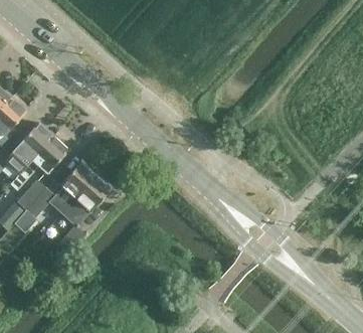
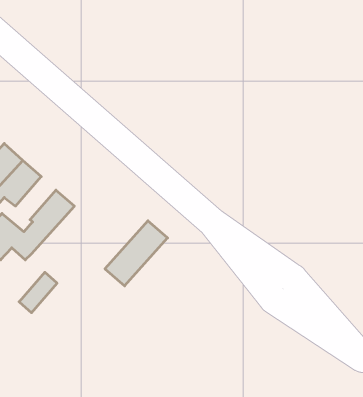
building: [60,174,112,227] -> [105,221,168,286]

